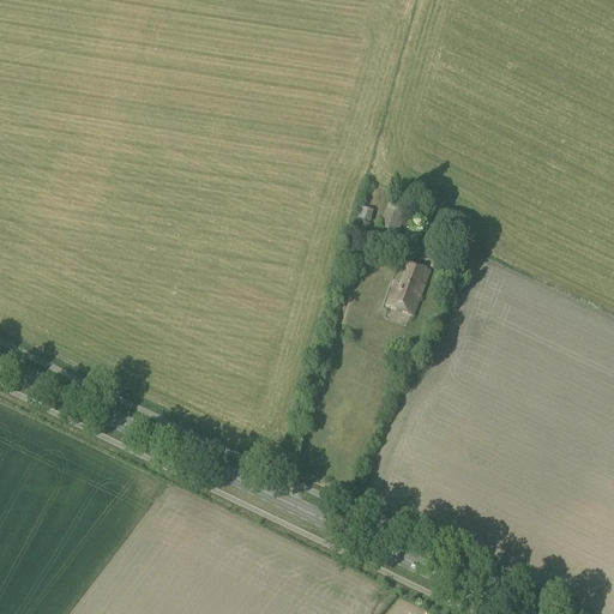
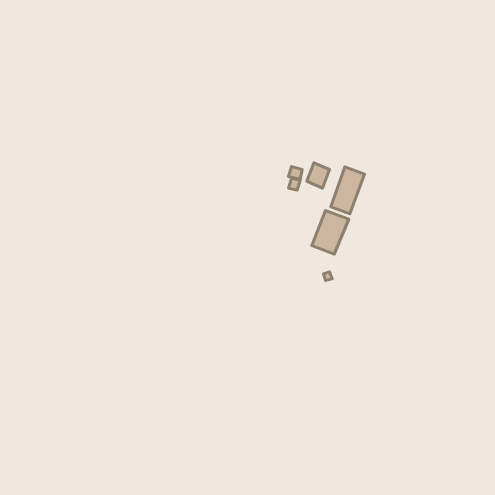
building: none -> [331,167,364,214]

